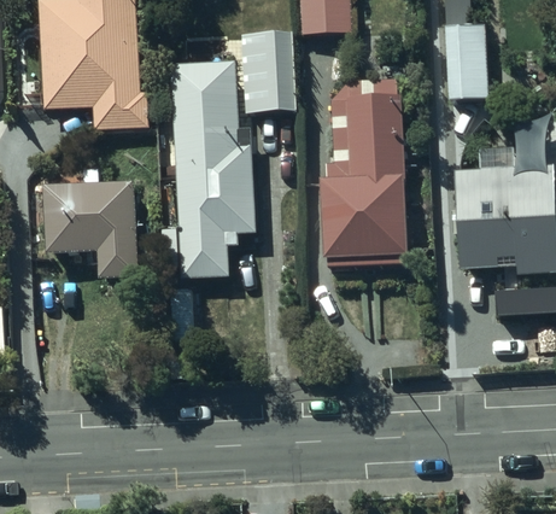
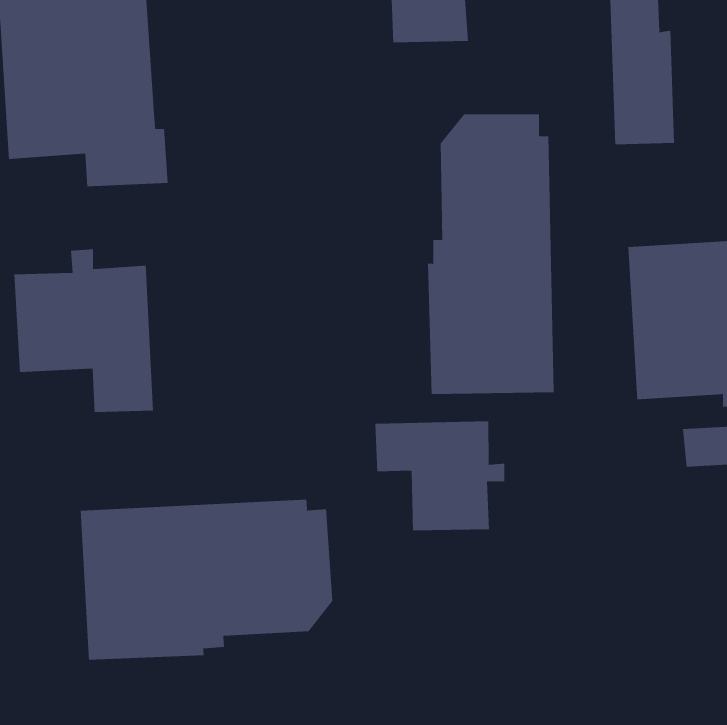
building: [172,33,292,278] -> none
building: none -> [375,421,505,531]
building: none -> [80,499,333,661]

